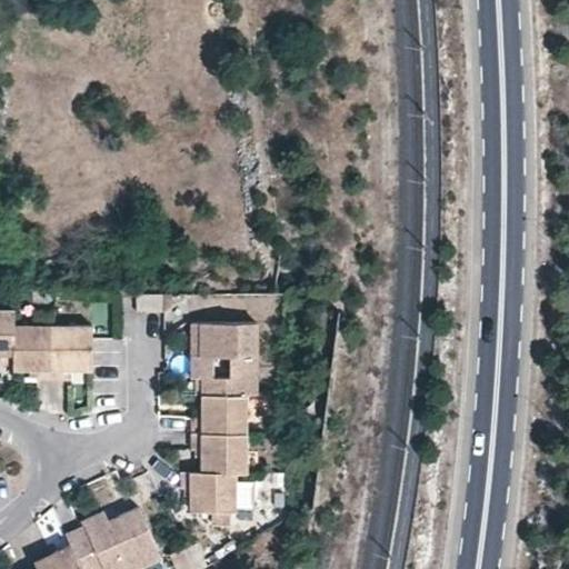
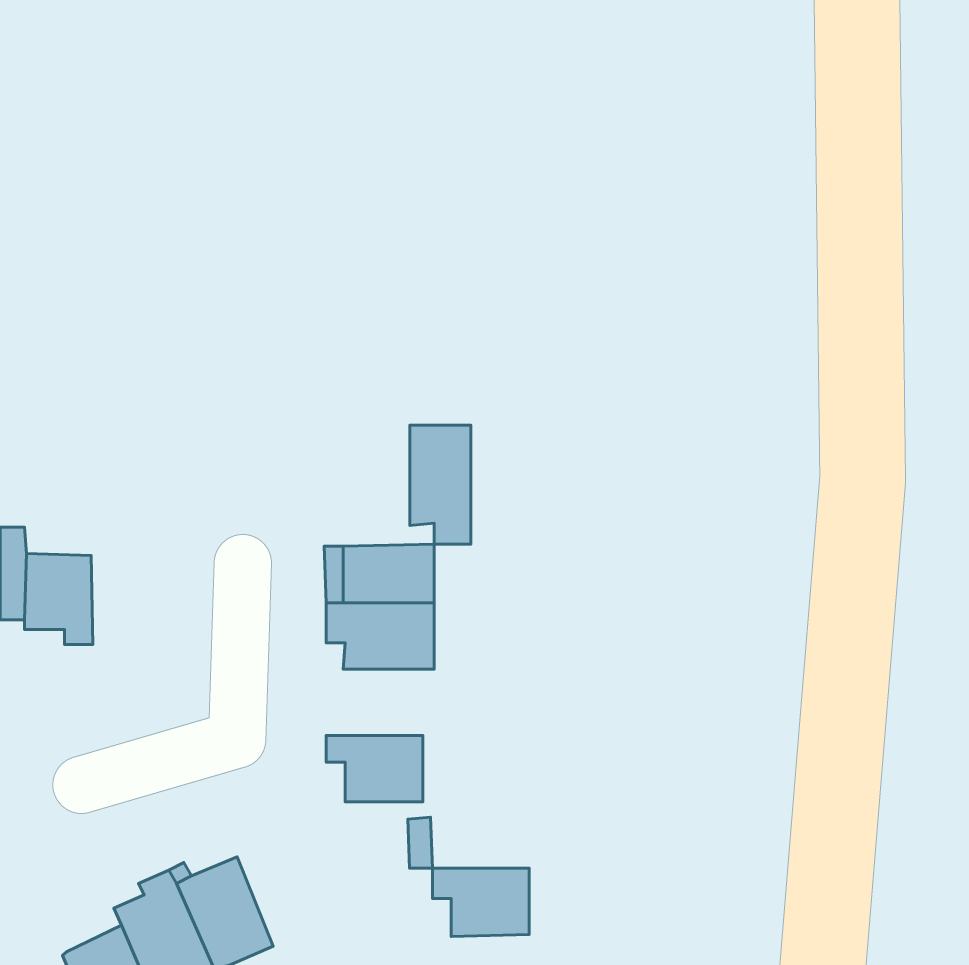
building: none -> [410,425,471,544]
building: [53,328,92,380] -> none
building: [191,395,248,433] -> none
building: [180,472,237,512] -> [432,868,529,937]

